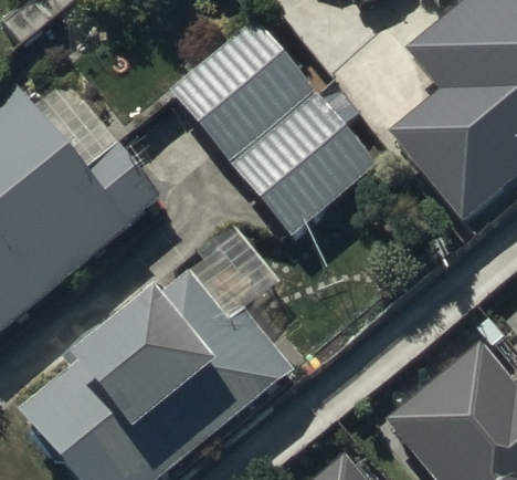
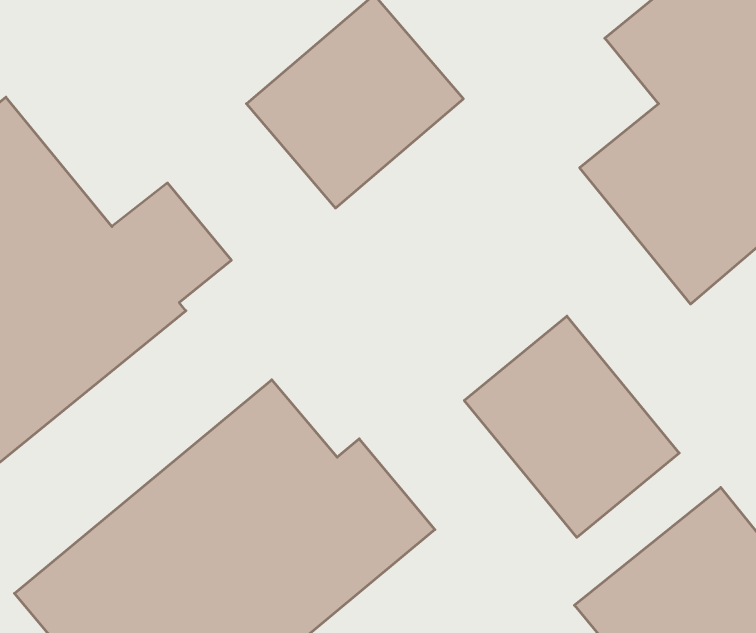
building: [232,91,377,232] -> none
building: none -> [464,316,679,537]

